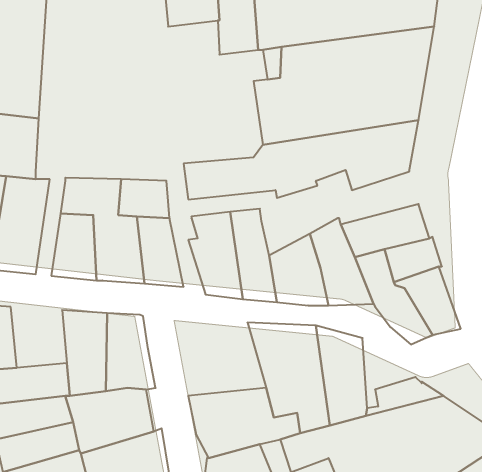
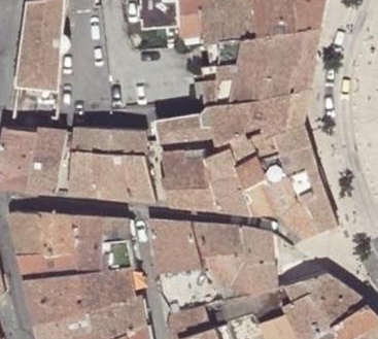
building: none -> [206,124,310,180]
building: none -> [40,214,77,255]
building: none -> [148,223,209,273]

